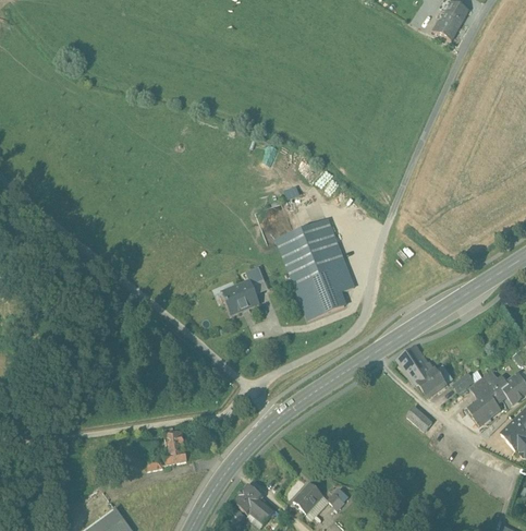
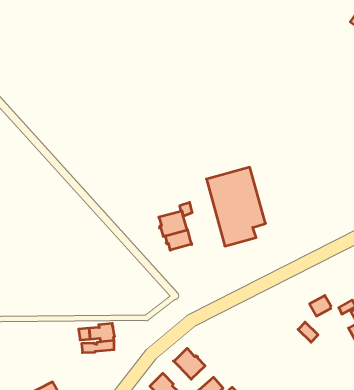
building: none -> [165,230,192,250]
building: [399,349,435,384] -> none
building: none -> [173,348,205,379]

